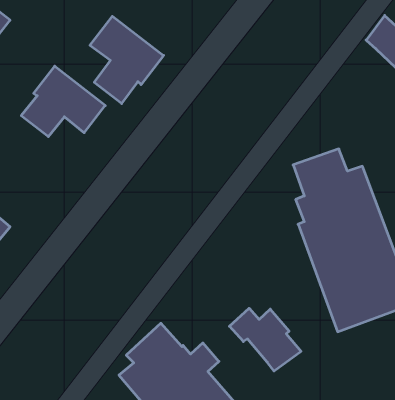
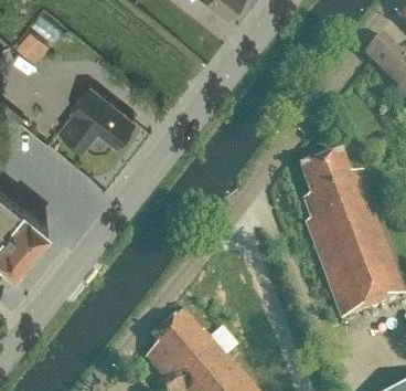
building: [90,16,164,104] -> none
building: [229,308,301,371] -> none

